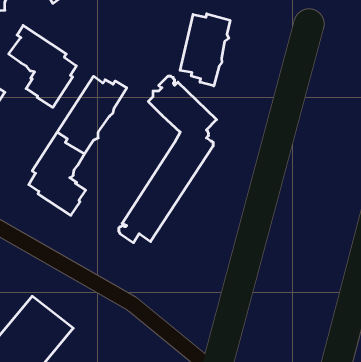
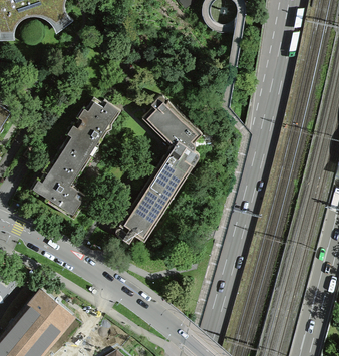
building: [180,14,230,86] -> none
building: [9,25,76,107] -> none

